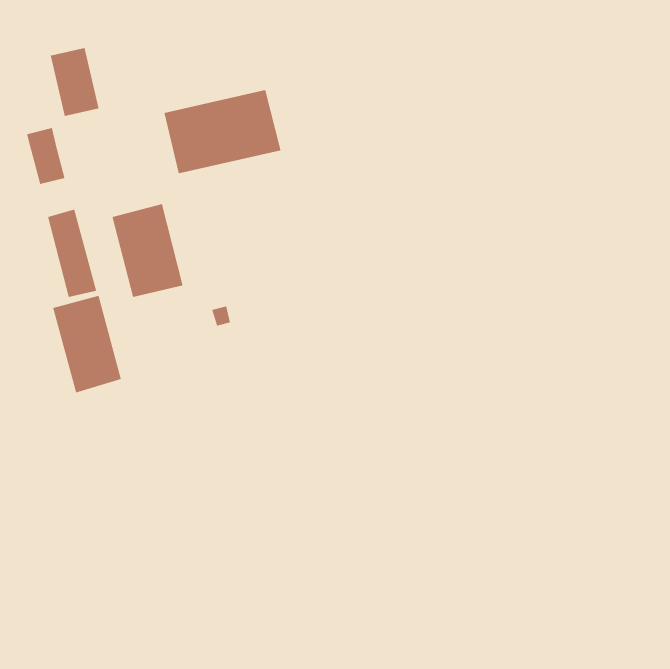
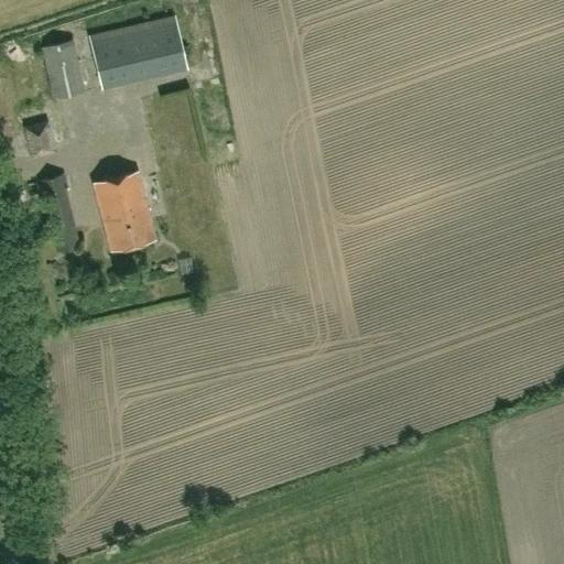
building: [164,89,282,174] -> [88,17,187,88]
building: [52,295,122,394] -> none

